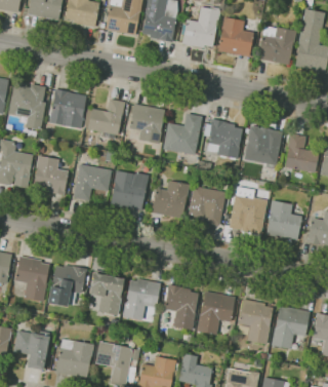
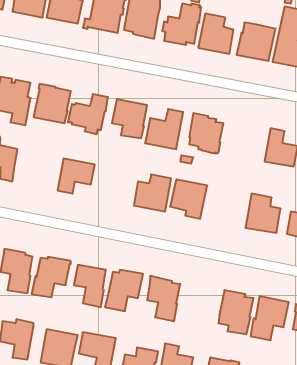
building: [244,125,282,170] -> none
building: [34,155,68,195] -> none
building: [111,170,149,210] -> none
building: [229,186,268,234] -> none
building: [197,292,236,335] -> none

